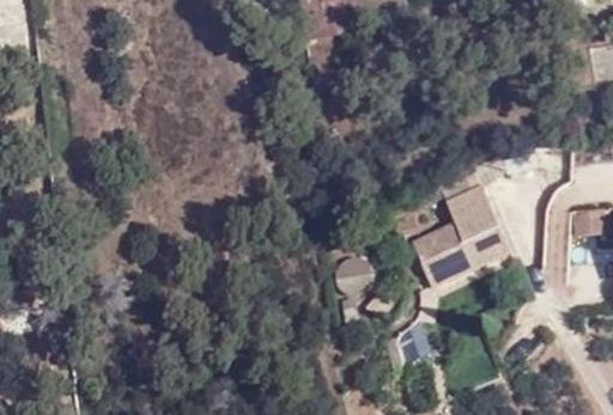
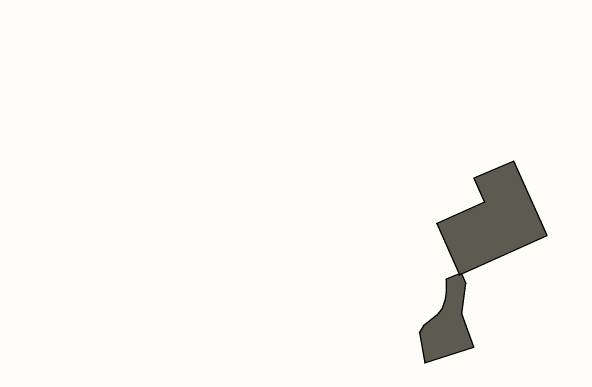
building: [334,256,375,295] -> none

